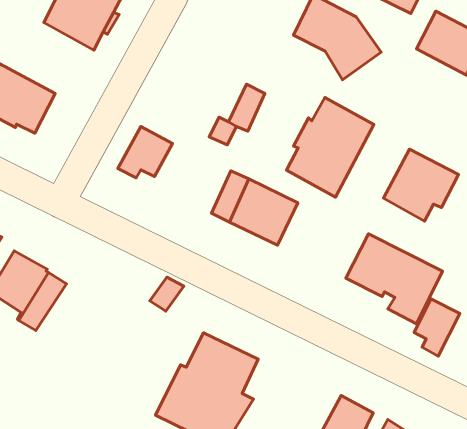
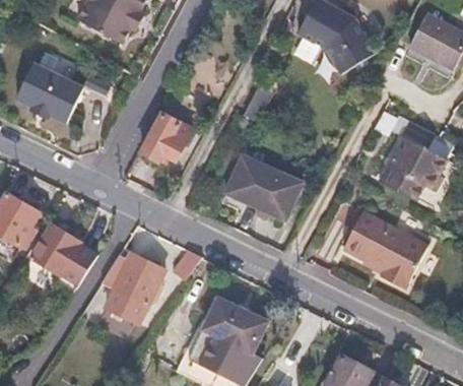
building: [286,98,374,197] -> none
building: none -> [101,252,164,323]
building: [414,299,460,356] -> none

